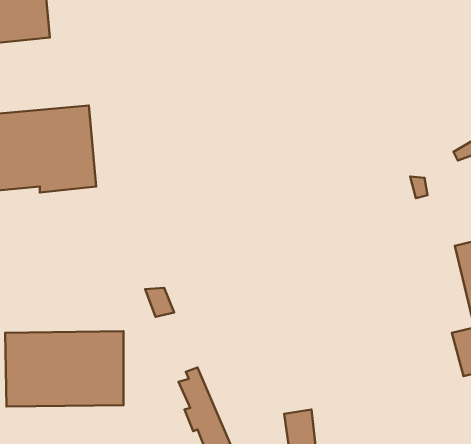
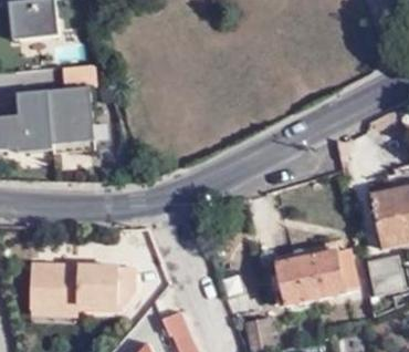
building: none -> [275,248,358,307]

